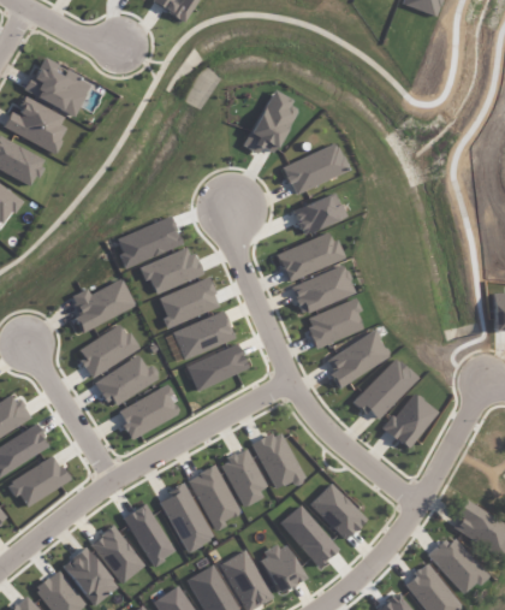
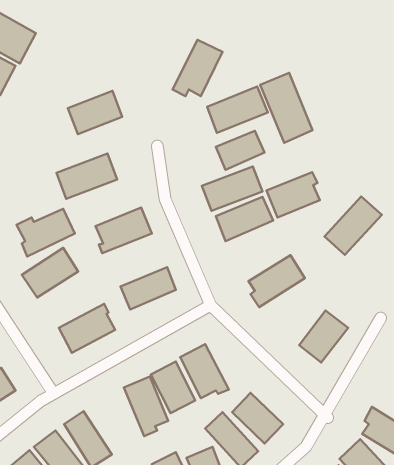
building: none -> [260,73,312,143]
building: [141,247,201,295] -> [68,91,122,134]
building: [304,298,363,349] -> [267,172,320,218]
building: [172,314,233,359] -> none
building: [95,356,160,407] -> none
building: [354,357,417,422] -> [324,196,382,255]
building: [158,485,214,553] -> none

